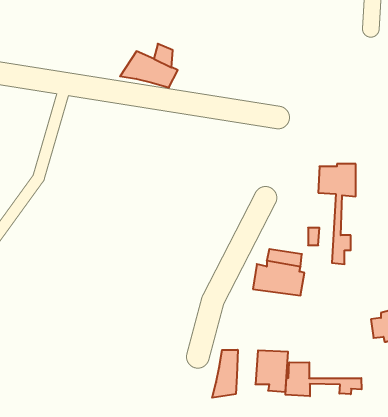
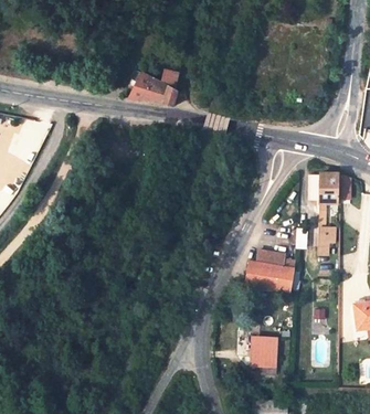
building: [212,350,238,398] -> none
building: [285,362,362,396] -> none

